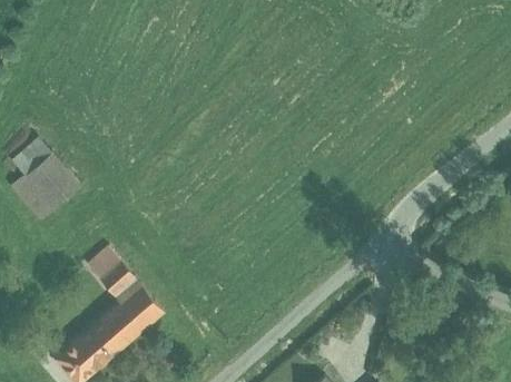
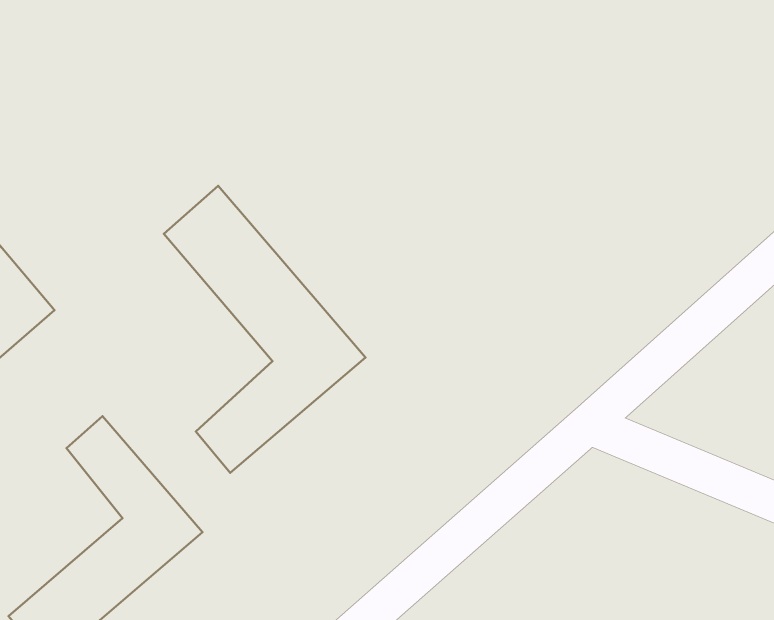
building: none -> [164,186,365,473]

